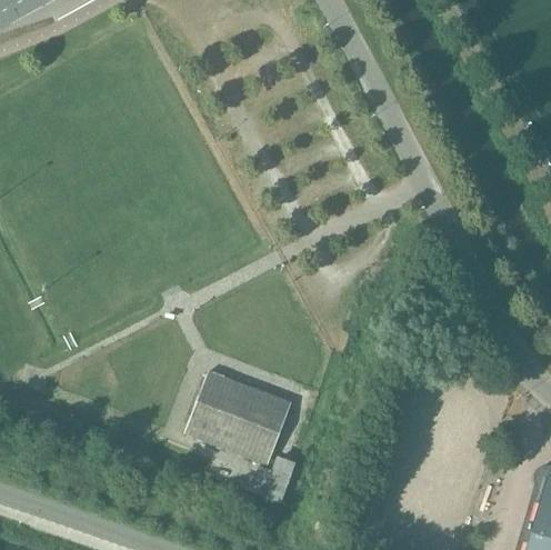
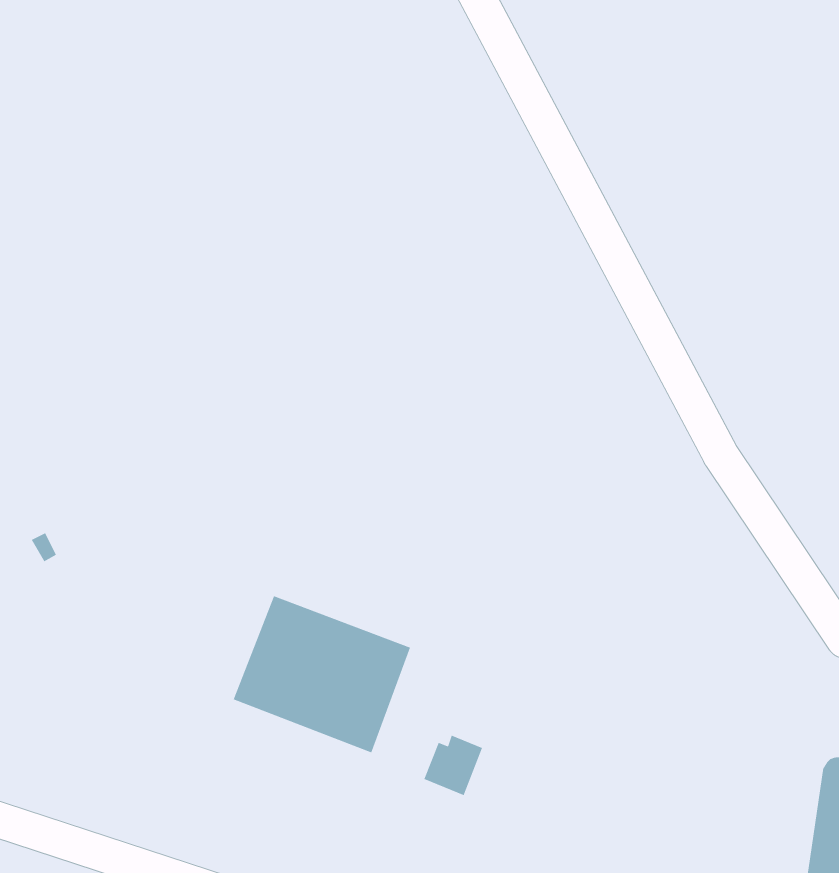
building: [257,463,292,500] -> [423,735,483,796]

